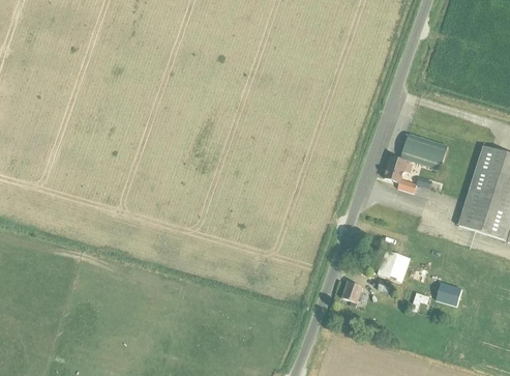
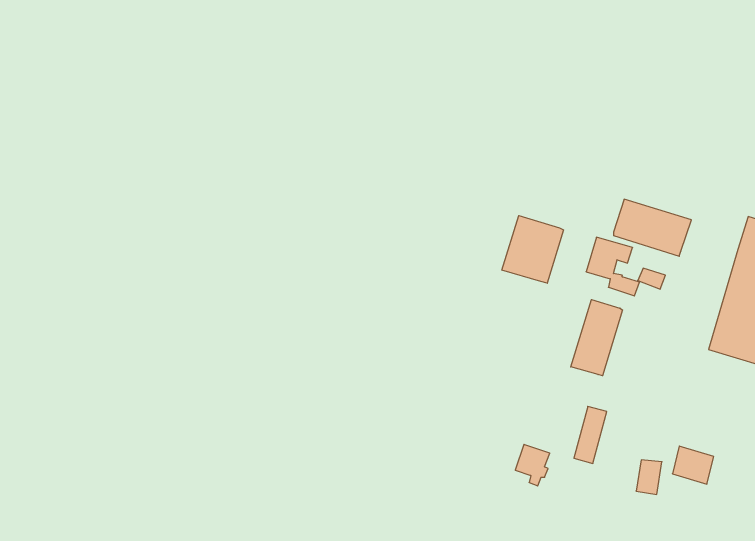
building: none -> [502,216,563,283]
building: none -> [571,300,622,376]

